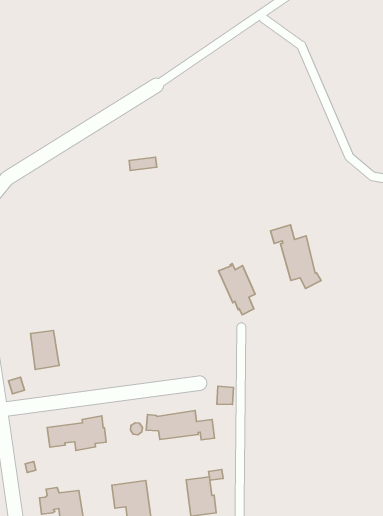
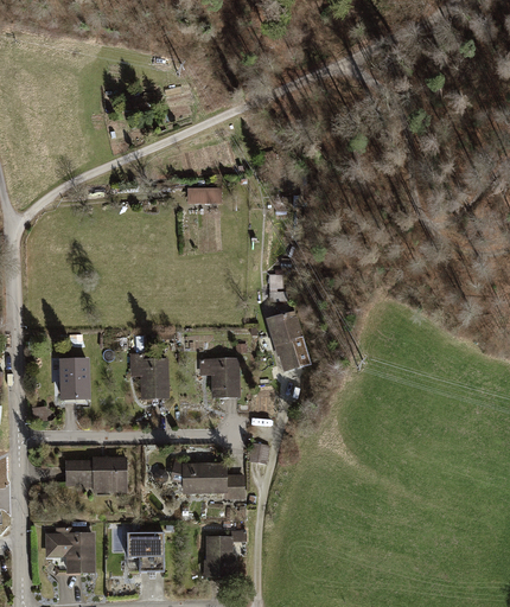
building: [271,225,321,289] -> none
building: none -> [200,359,237,397]
building: none -> [132,354,166,398]

